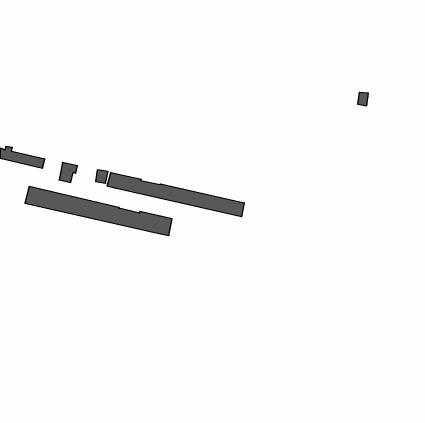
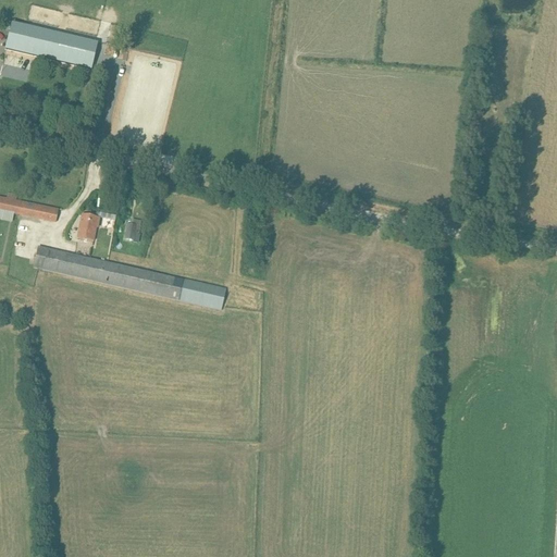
building: none -> [5,22,97,66]
building: [107,172,244,217] -> none

